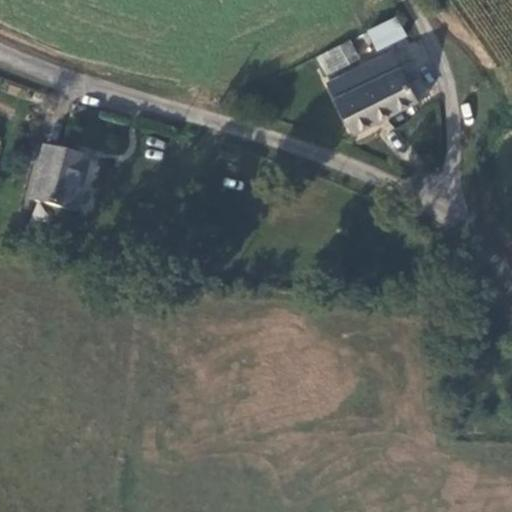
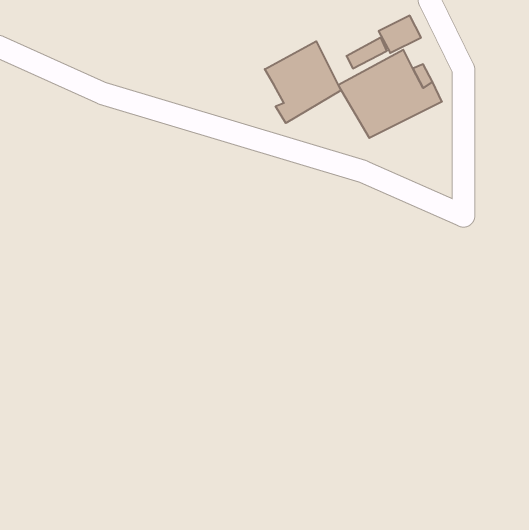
building: none -> [265,41,341,123]
building: [31,146,85,207] -> none

